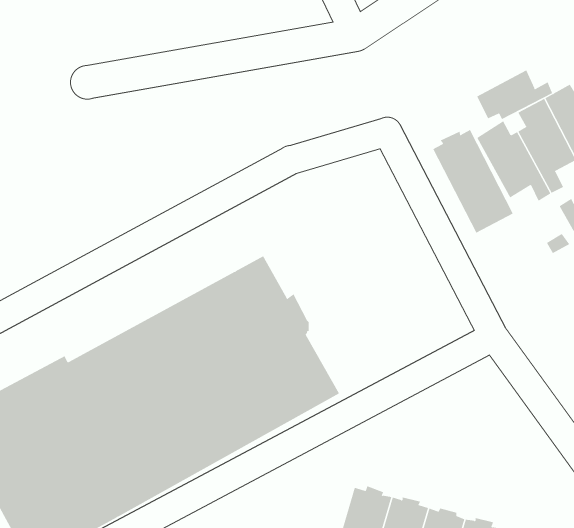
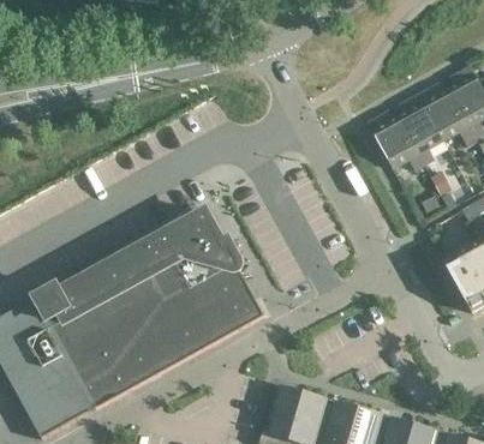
building: [477,69,553,120] -> none
building: [433,129,514,234] -> none

